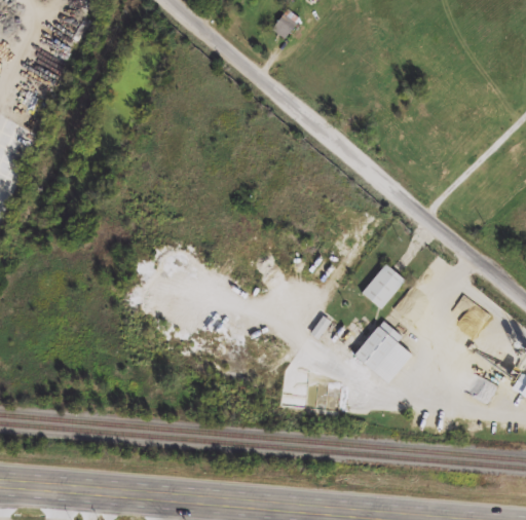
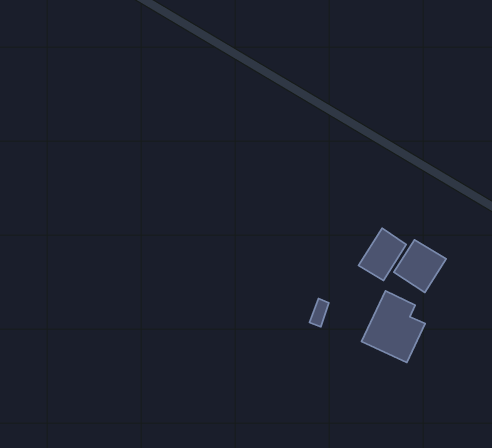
building: none -> [394,240,446,292]

